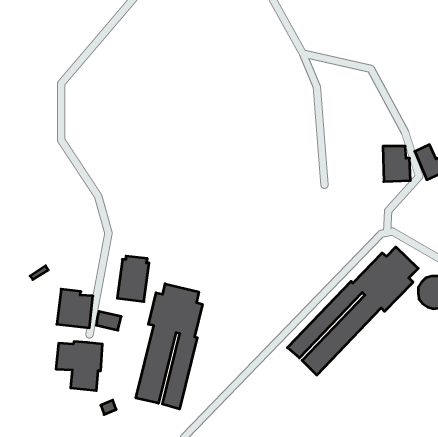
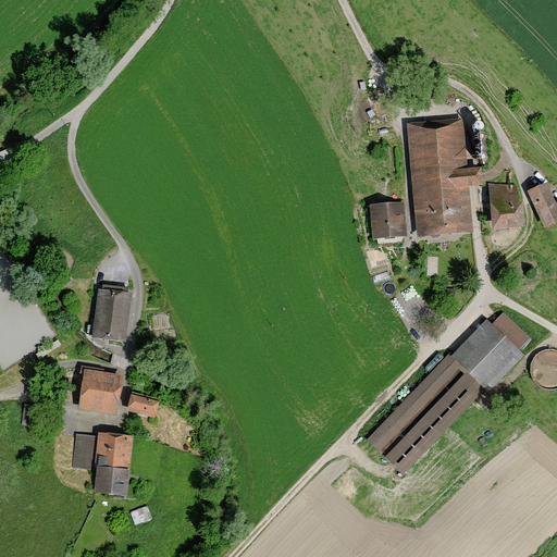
building: none -> [410,119,480,237]
building: none -> [367,202,405,239]
building: [117,256,149,302] -> [90,285,131,343]
building: [136,284,202,409] -> none

